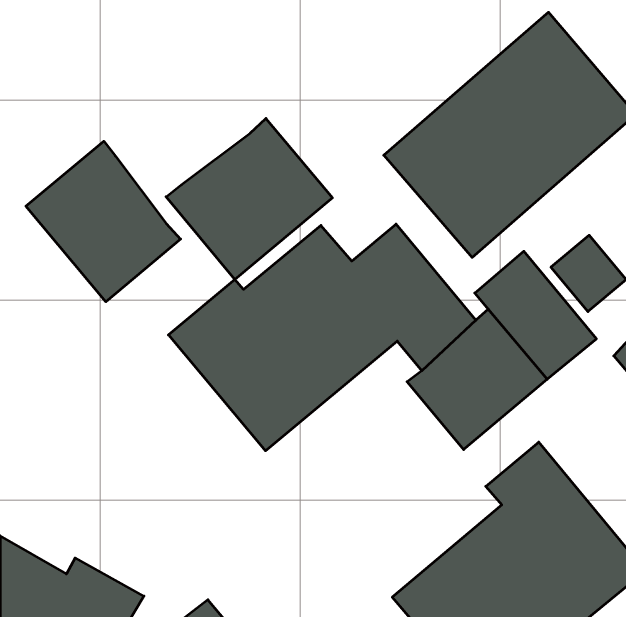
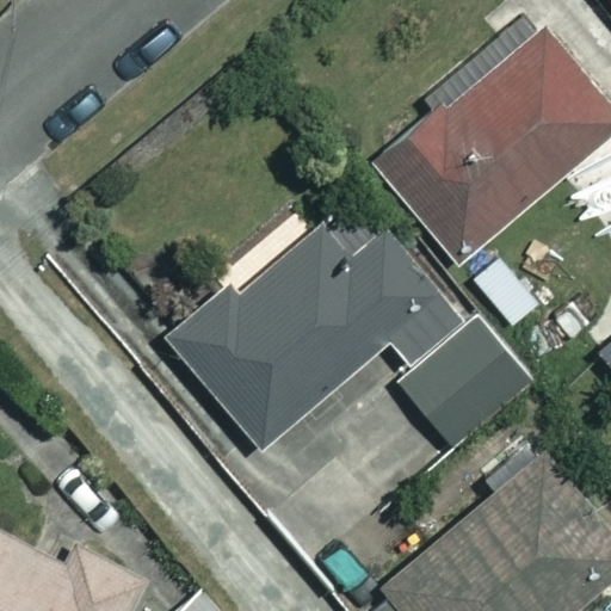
building: [166,118,332,280] -> none
building: [26,141,181,302] -> none

